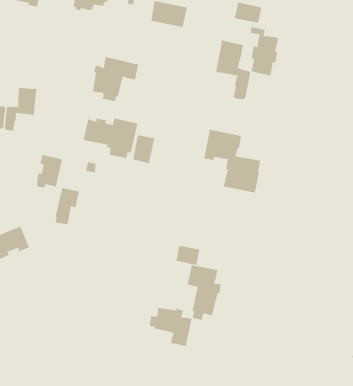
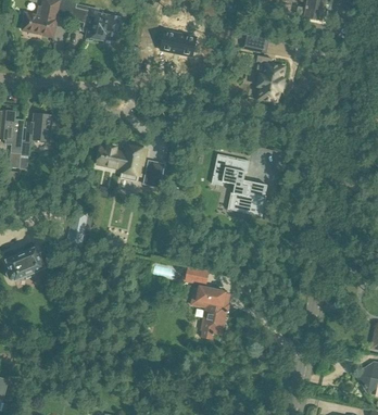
building: [215,39,251,100] -> none
building: [92,56,139,102] -> none
building: [36,154,63,188] -> none
building: [149,307,192,347] -> none

